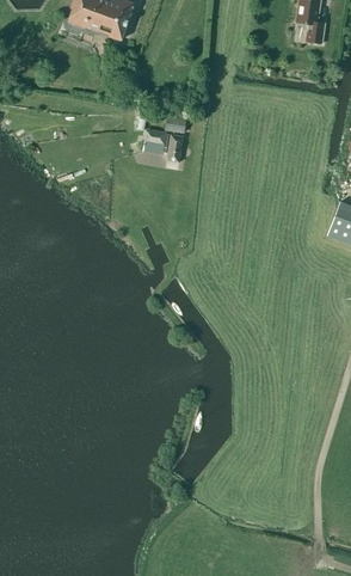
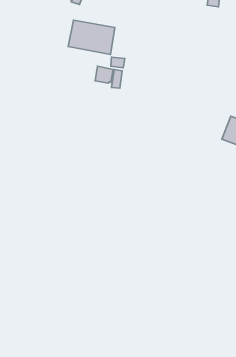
building: none -> [68,20,115,54]

